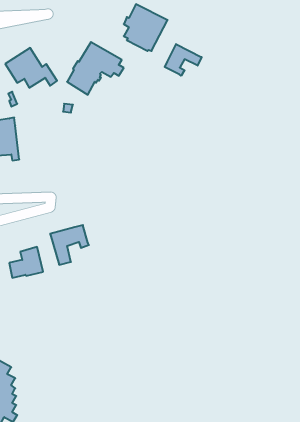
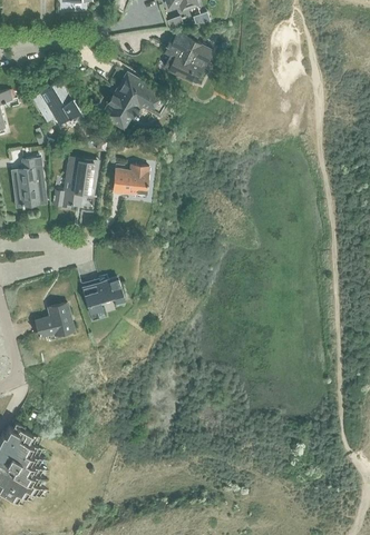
building: [165,44,202,76] -> none
building: none -> [61,159,94,207]
building: none -> [113,165,149,191]

